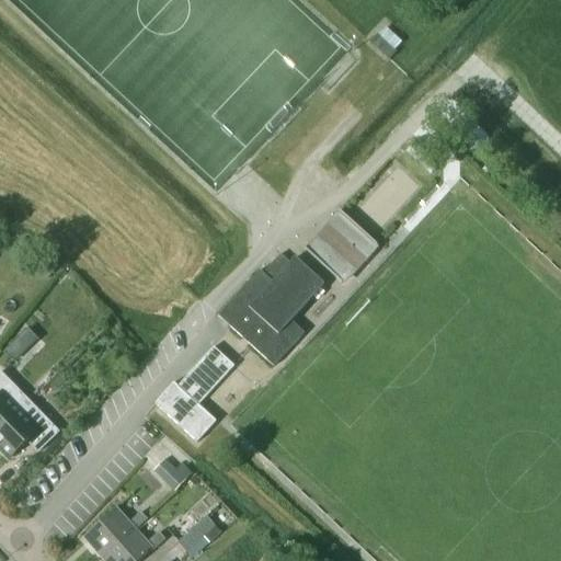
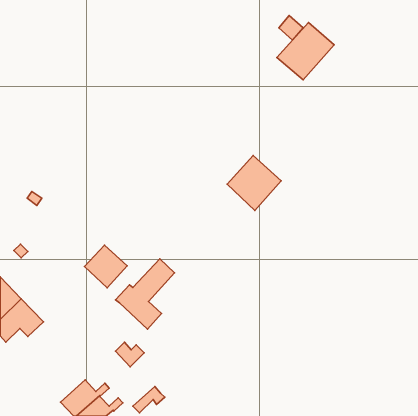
building: none -> [277,22,334,80]
building: [219,252,325,365] -> none
building: none -> [85,245,127,288]

